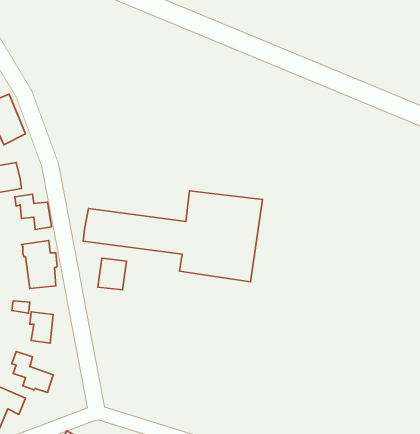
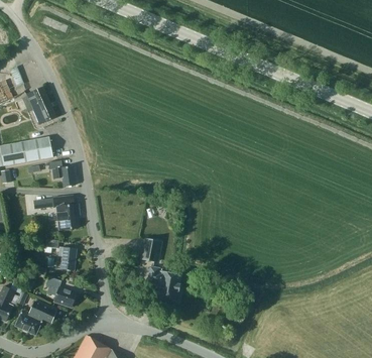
building: [83,191,262,282] -> none
building: [98,258,126,290] -> [140,238,161,261]
building: none -> [147,266,180,300]

